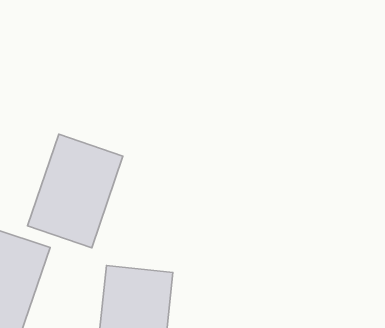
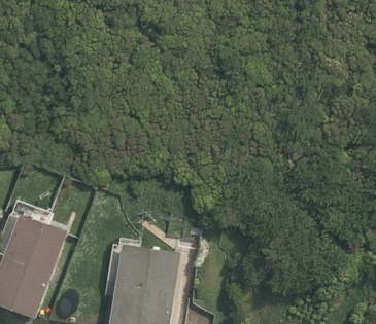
building: [28,134,123,248] -> none

